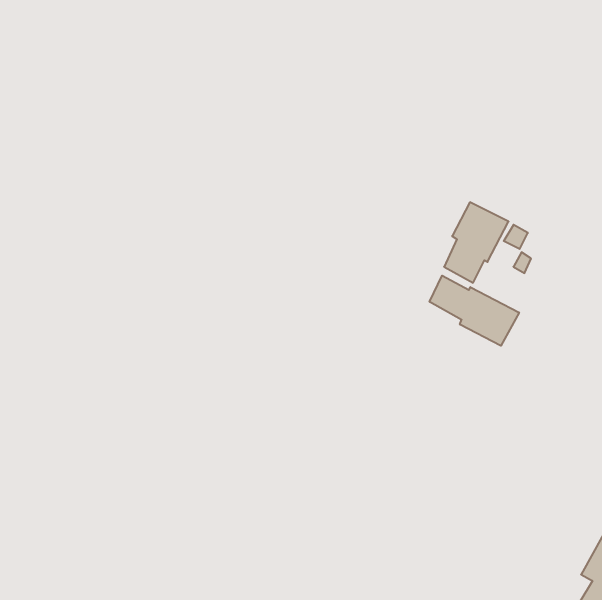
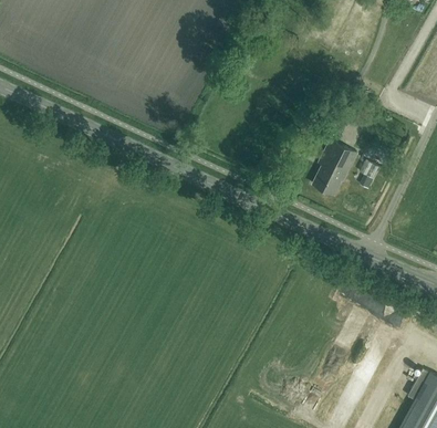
building: [430,276,519,346] -> none

